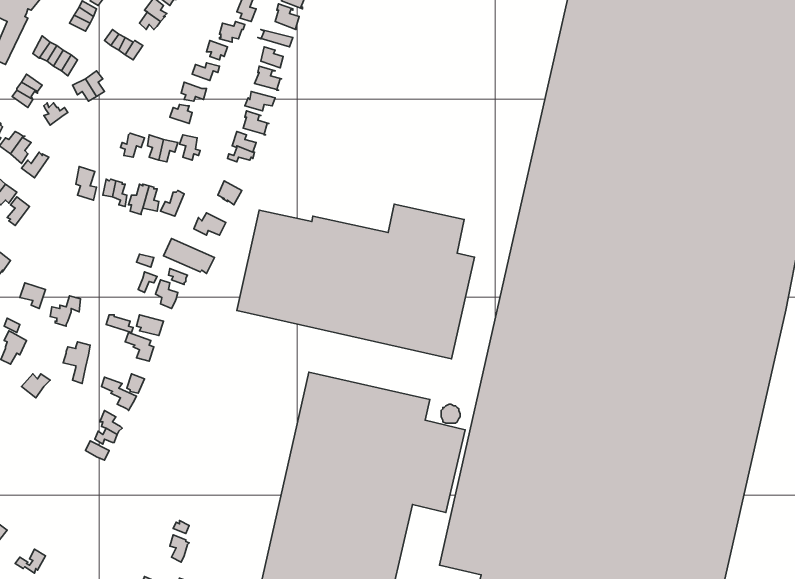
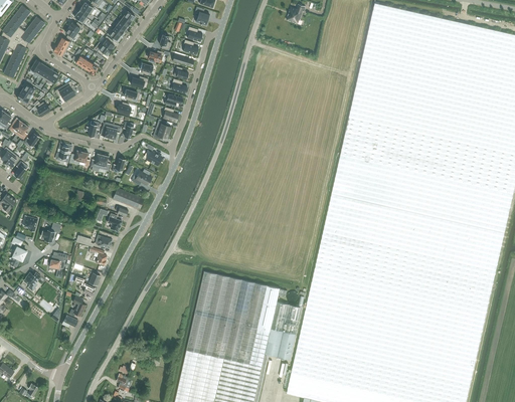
building: [237,204,475,359] -> none

